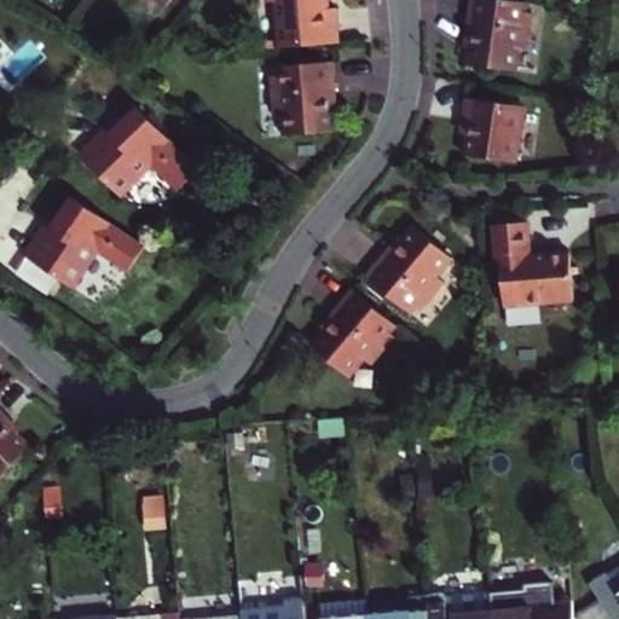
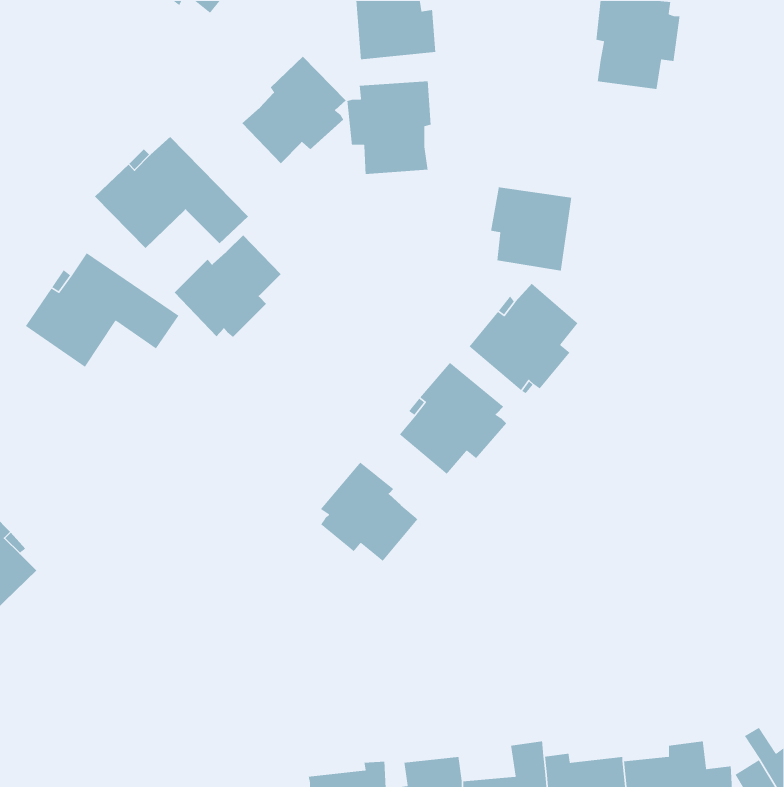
building: none -> [241,56,346,164]
building: [459,99,523,166] -> [490,186,572,271]
building: none -> [174,235,281,338]
building: [502,221,583,306] -> none
building: none -> [320,461,419,562]

